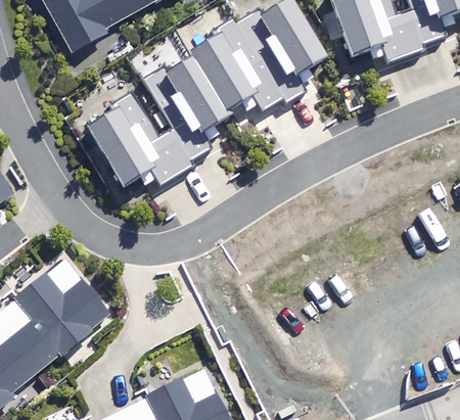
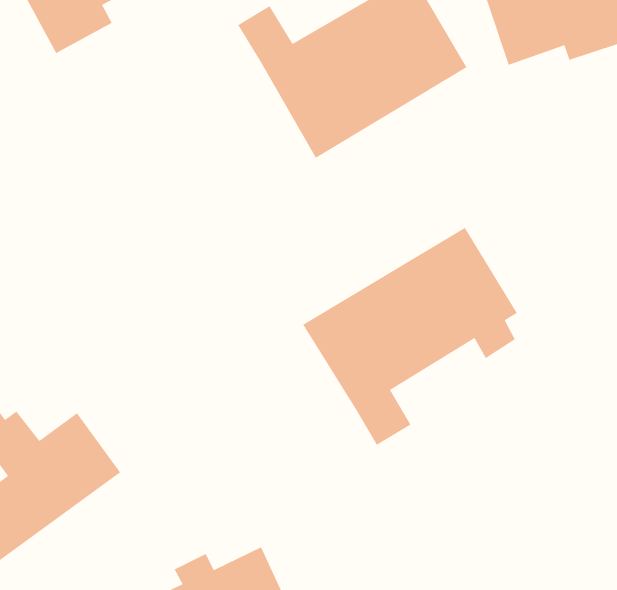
building: [83,46,234,195] -> none
building: none -> [302,227,518,446]

